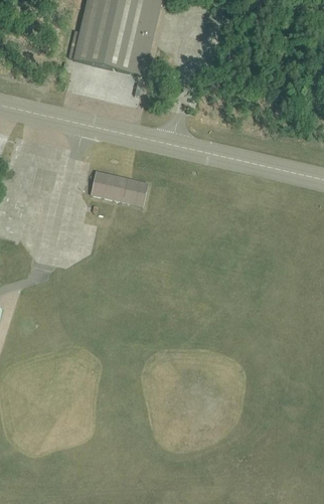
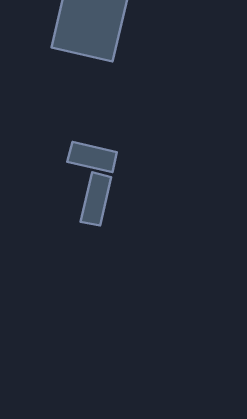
building: none -> [81,172,111,226]

